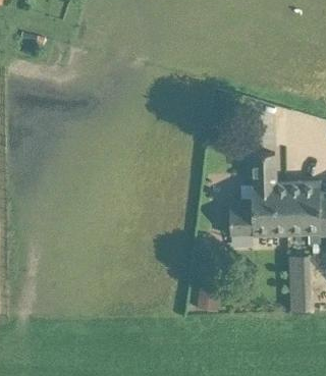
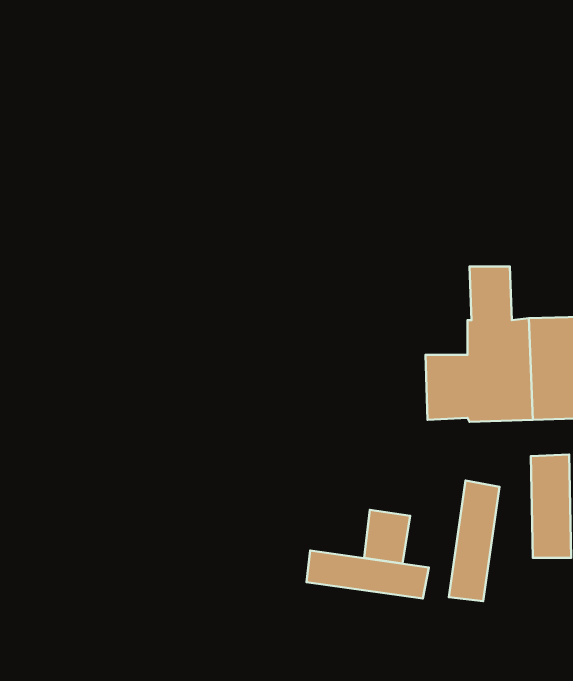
building: none -> [449,481,499,601]
building: none -> [307,550,429,599]

